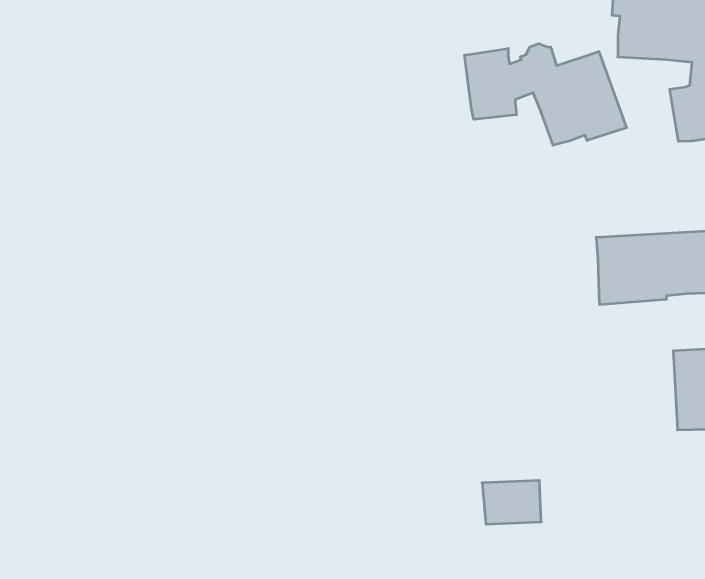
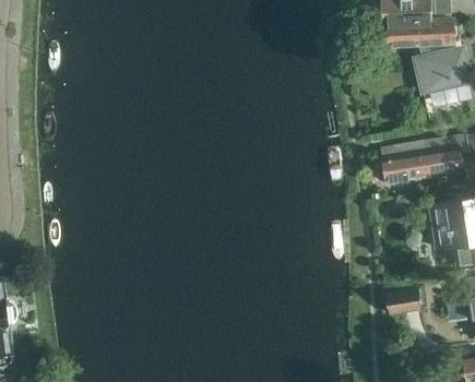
building: [465,44,627,145] -> none
building: [482,480,541,524] -> [387,287,421,314]

